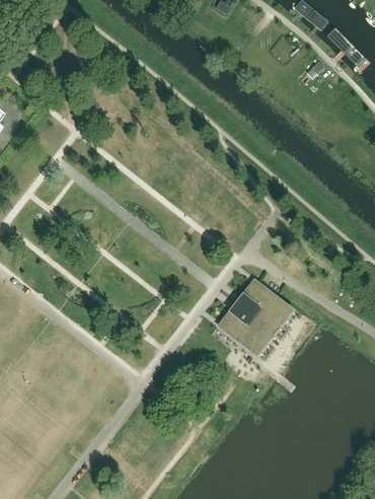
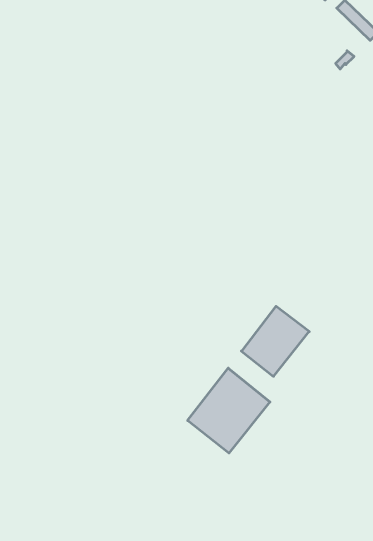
building: none -> [188,368,270,453]

